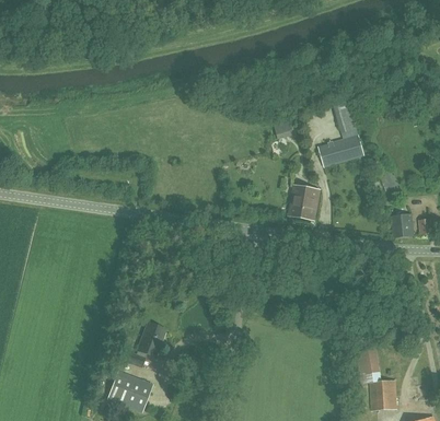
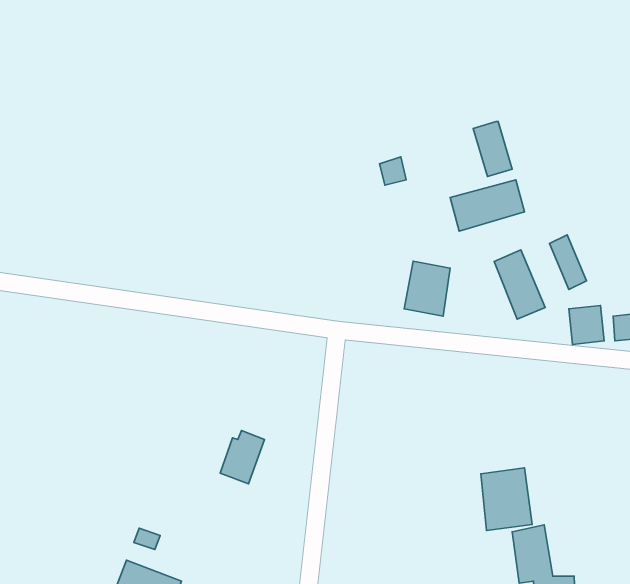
building: none -> [494,250,545,319]
building: none -> [481,468,532,531]
building: [137,323,164,355] -> [220,431,264,484]

